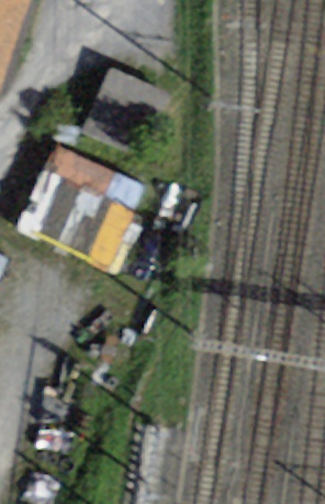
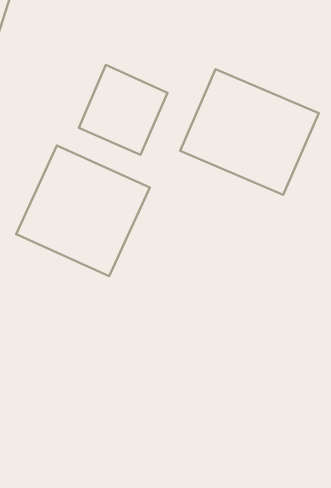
building: none -> [180,69,319,195]

